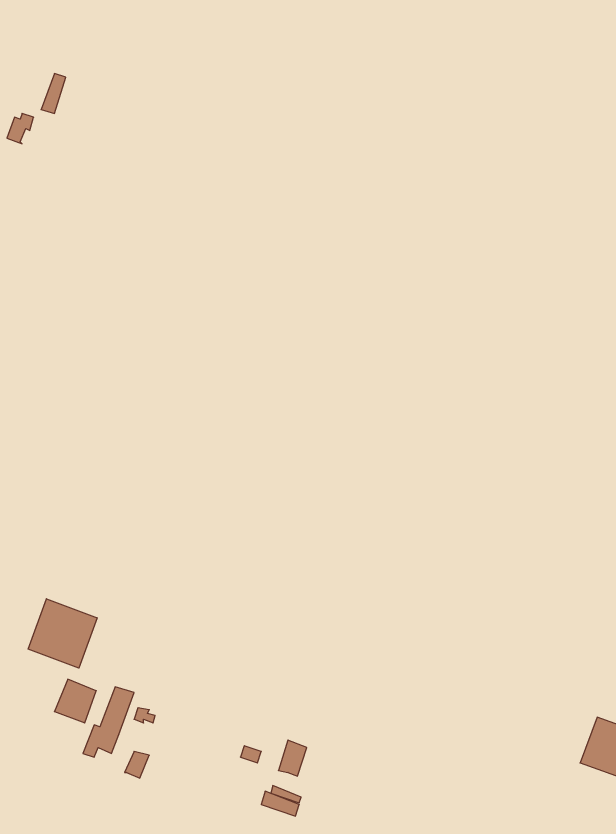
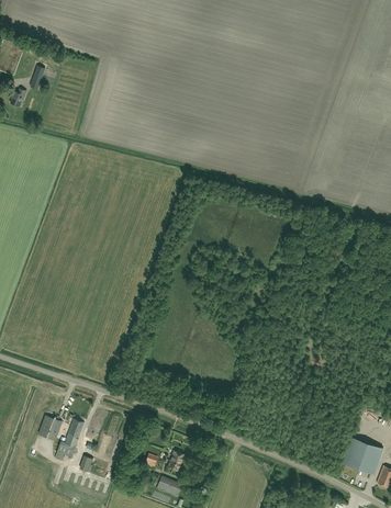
building: [28,599,97,668] -> none

